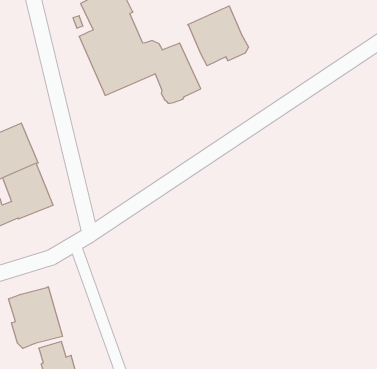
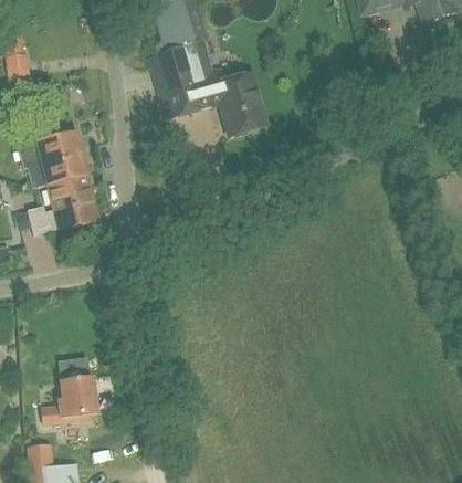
building: [188,6,249,66] -> none
building: [9,287,62,348] -> none

